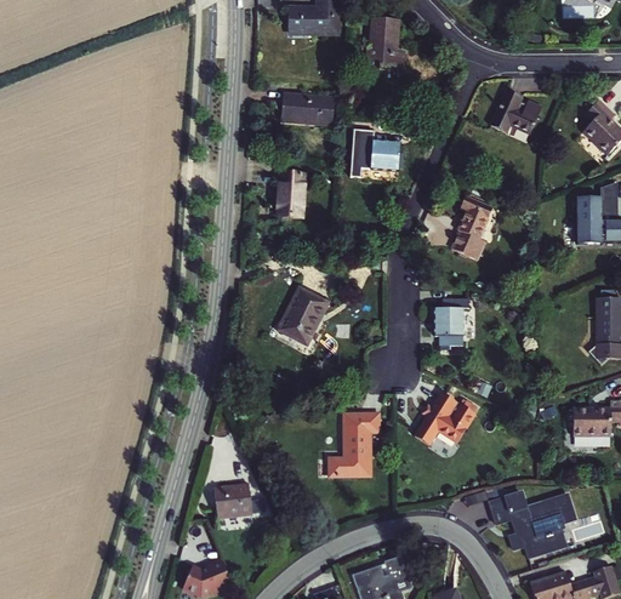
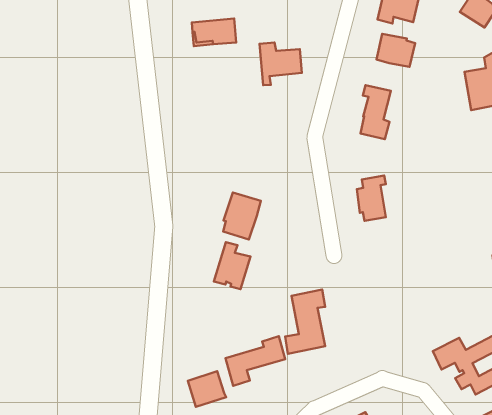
building: none -> [376,34,415,67]
building: [278,173,303,216] -> none
building: none -> [214,242,251,289]
building: [414,390,477,444] -> none
building: none -> [225,336,285,386]

